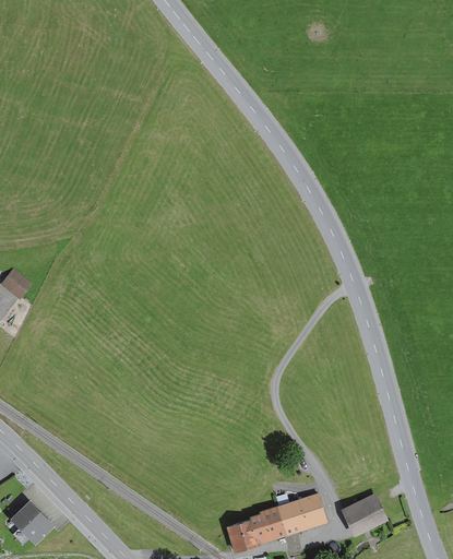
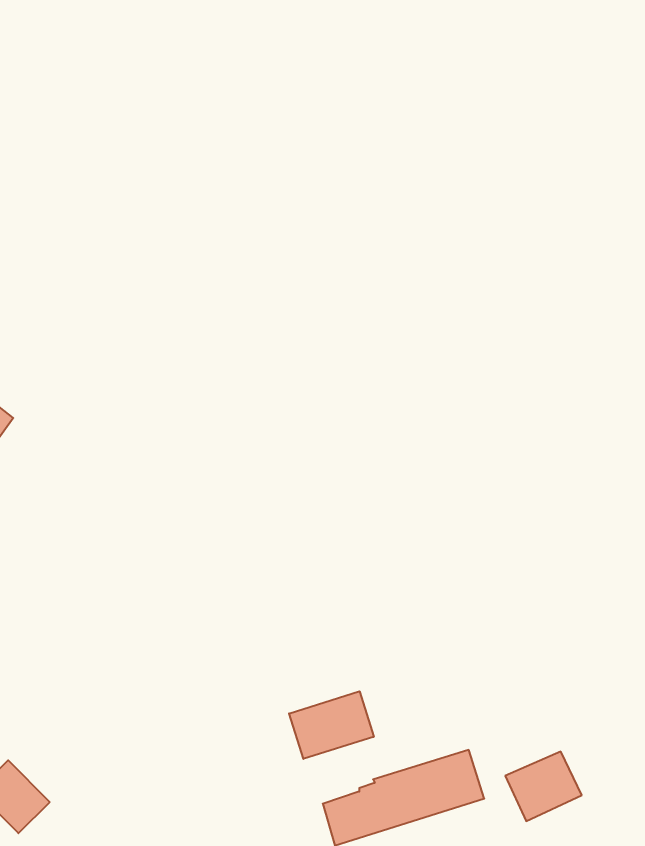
building: none -> [289,691,374,759]

